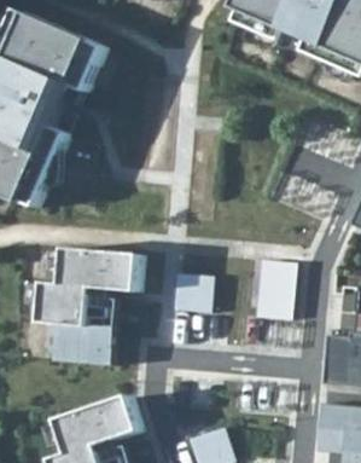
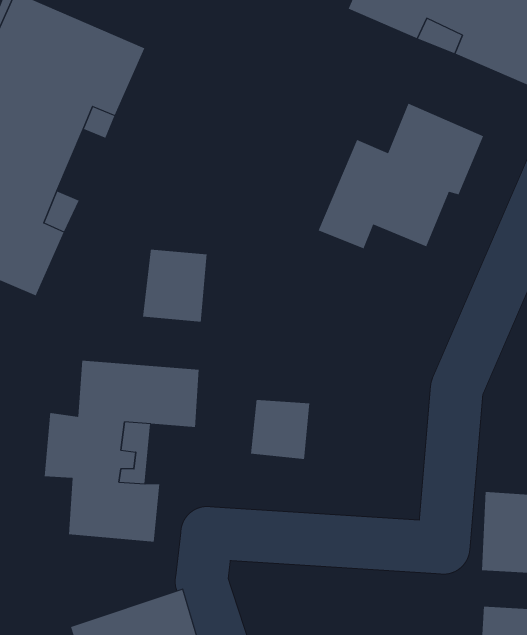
building: none -> [318,103,484,249]
building: none -> [143,249,207,323]
building: [255,261,295,320] -> none

